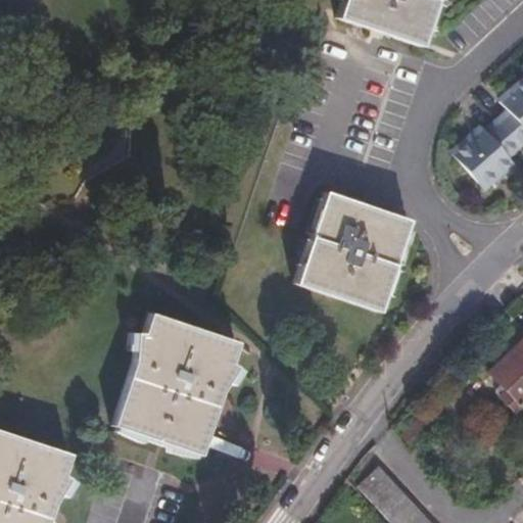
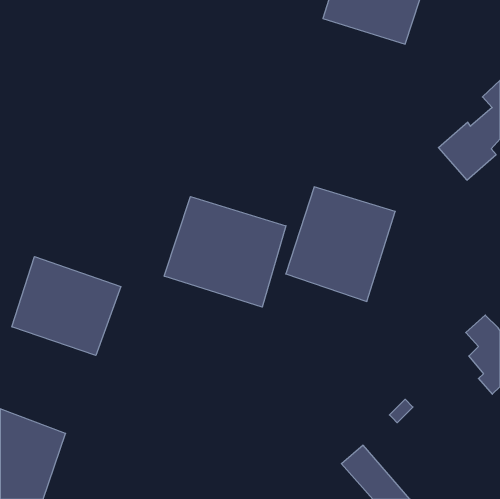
building: none -> [164,197,286,307]
building: none -> [12,257,121,355]
building: [113,308,240,453] -> none

